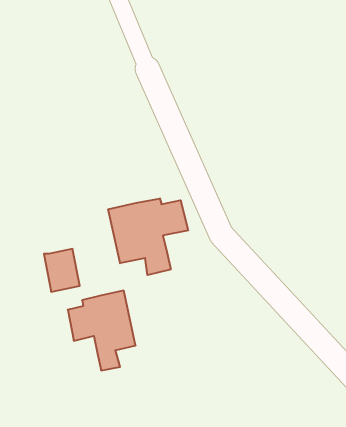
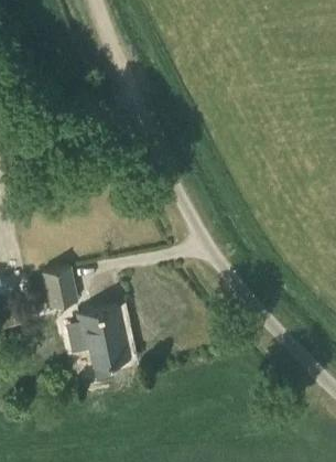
building: [108,198,188,275] -> none

